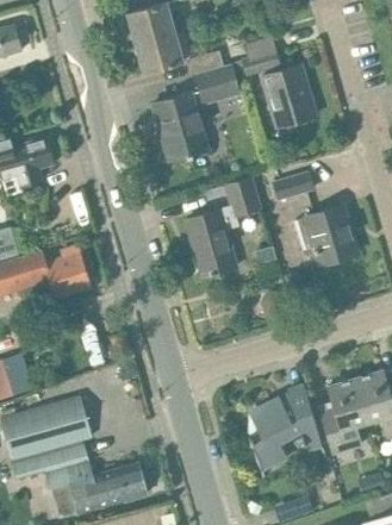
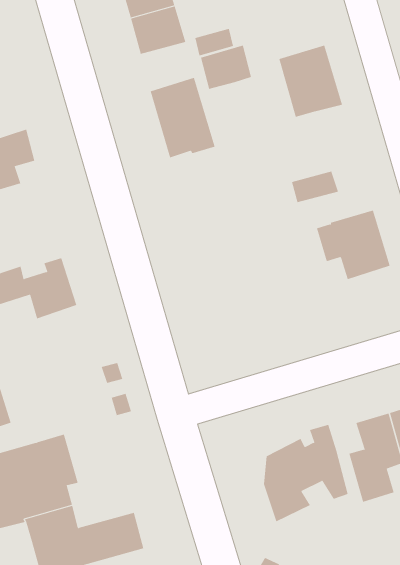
building: [232,37,279,75] -> none
building: [188,179,259,277] -> none

